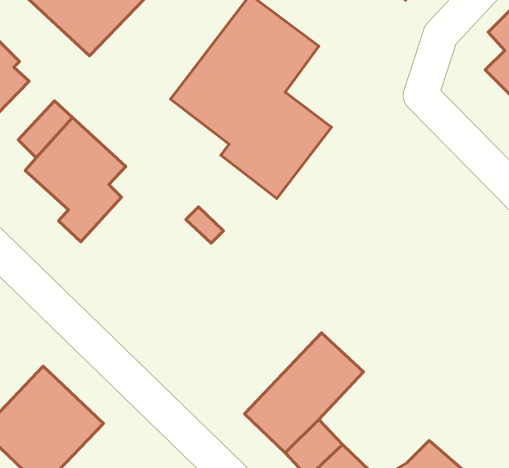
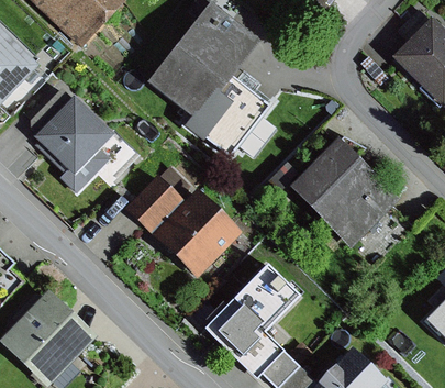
building: none -> [288,137,399,247]
building: none -> [125,176,180,231]
building: none -> [153,190,238,275]

